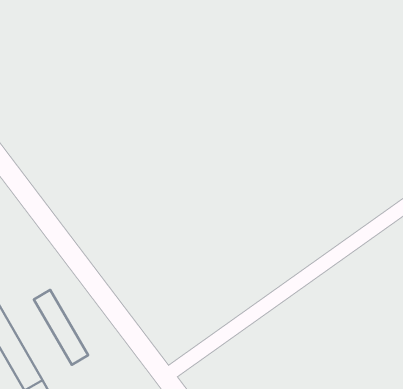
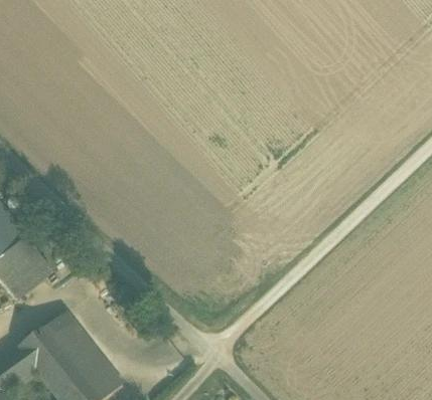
building: [34,290,88,365] -> none

